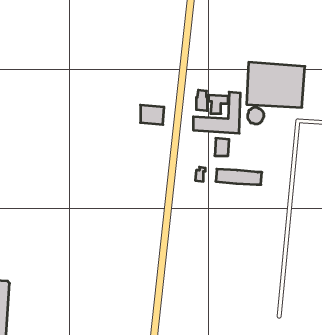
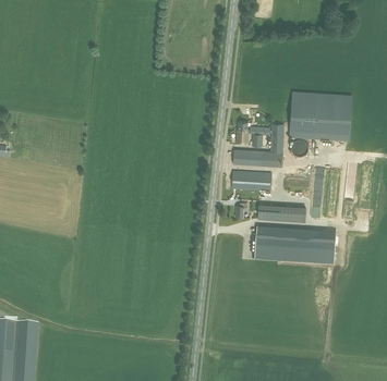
building: [140,105,164,125] -> [231,169,256,189]
building: none -> [254,224,335,263]

